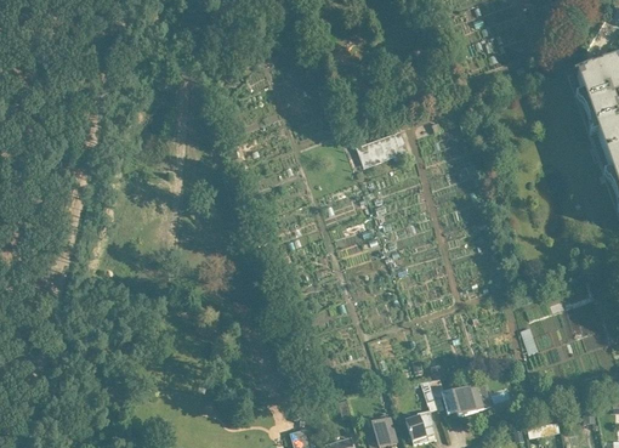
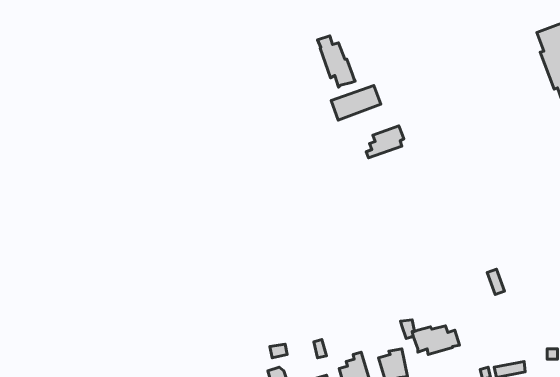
building: none -> [317,36,355,87]
building: none -> [366,126,404,158]

